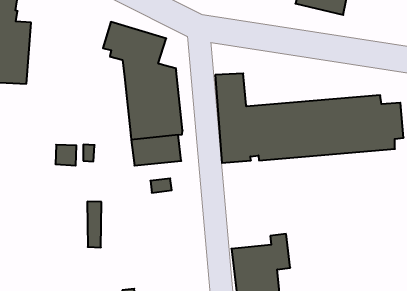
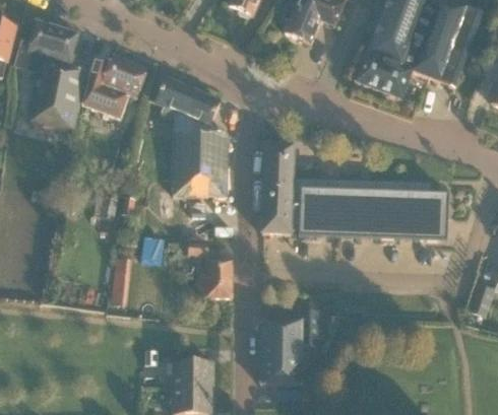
building: none -> [82,52,147,118]
building: none -> [198,261,232,296]

